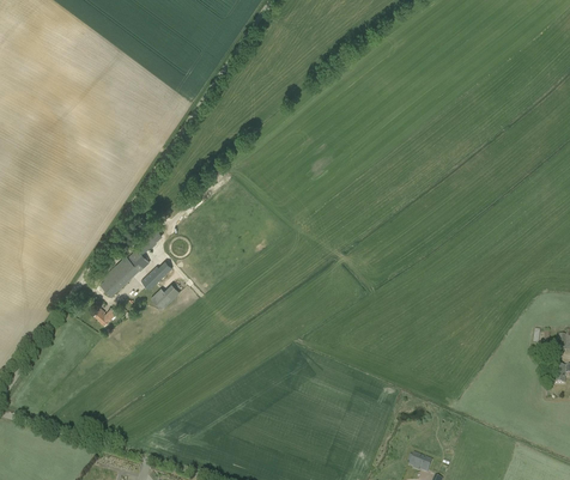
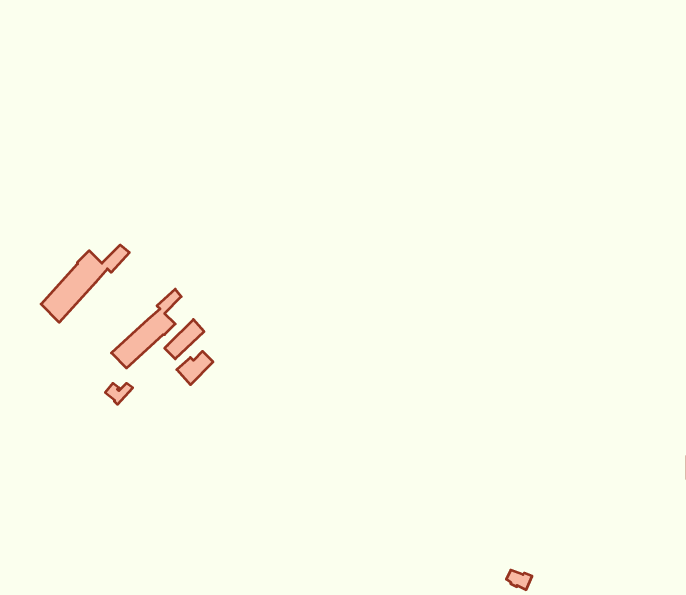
building: none -> [41,245,129,322]

